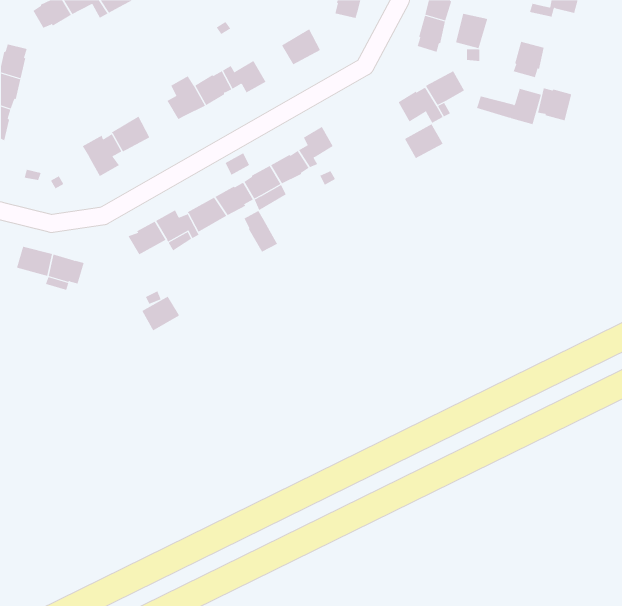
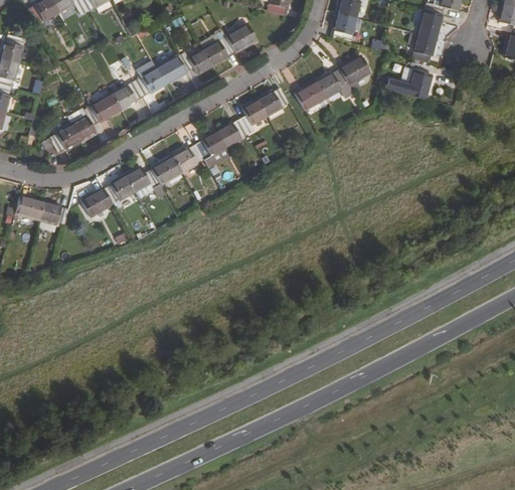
building: [455,12,488,49] -> [415,9,442,38]
building: none -> [203,37,234,65]
building: [538,88,572,121] -> none
building: none -> [112,80,143,110]
building: none -> [258,89,289,117]
building: [404,124,443,159] -> [296,81,327,110]
building: none -> [49,125,80,152]
building: [244,210,278,252] -> none
building: [141,296,179,331] -> [81,188,112,216]

